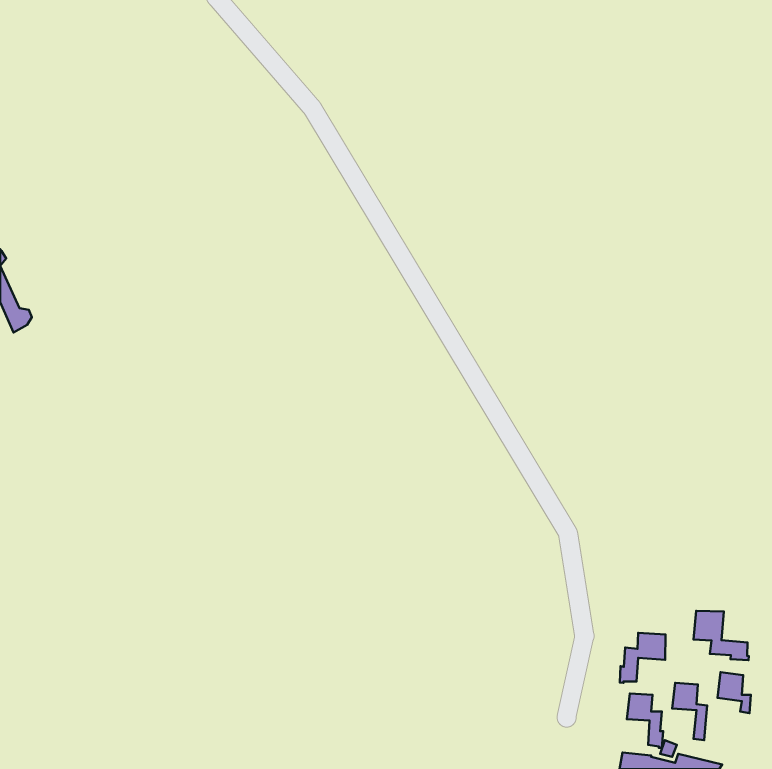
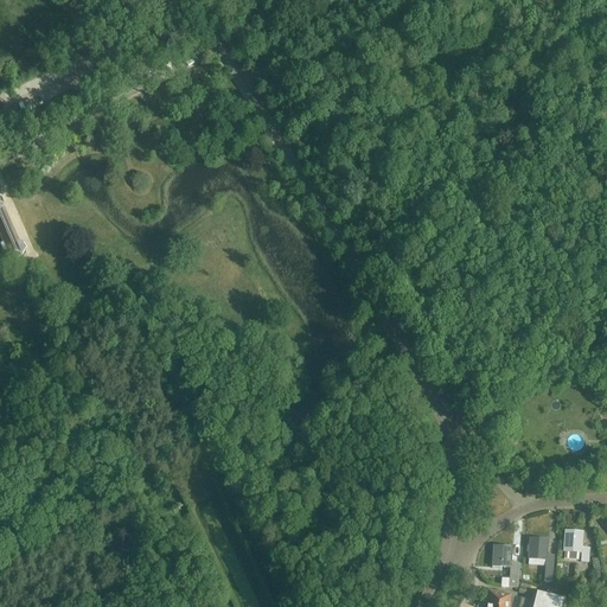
building: [694,611,749,660] -> none
building: [620,633,665,683] -> none

